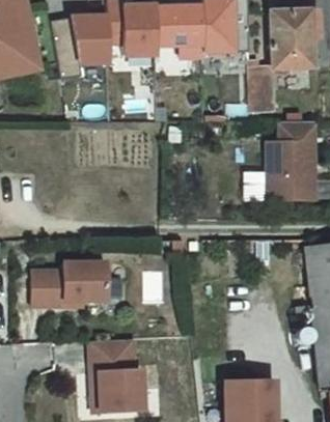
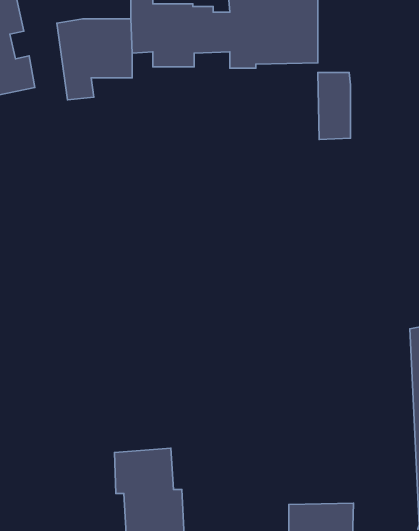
building: [270,8,308,66] -> none
building: [265,120,311,198] -> none
building: [35,264,109,308] -> none

